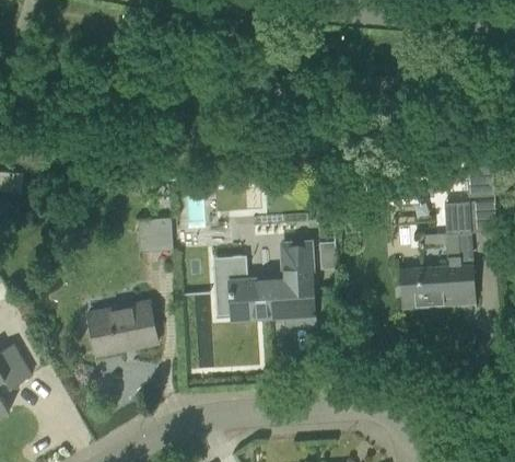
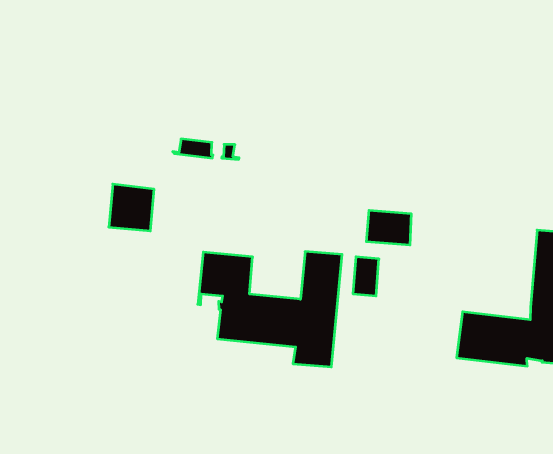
building: none -> [366,210,411,245]
building: [90,305,156,355] -> none

